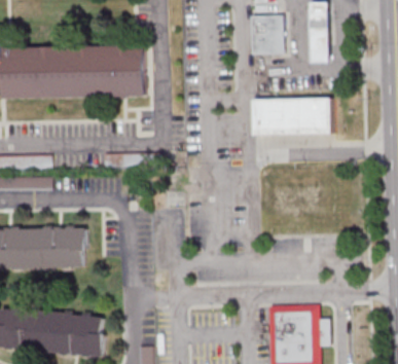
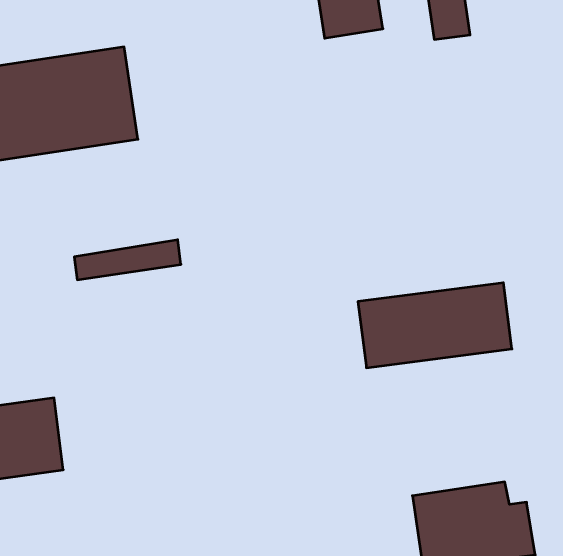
building: [251,98,330,134] -> [358,283,512,368]

